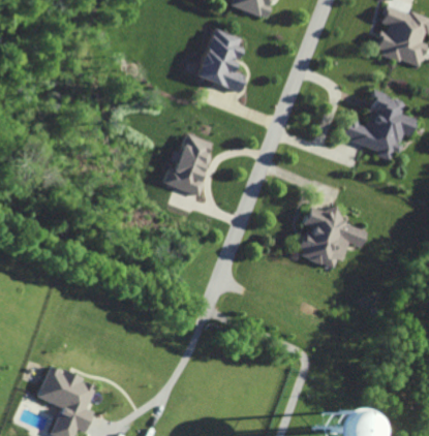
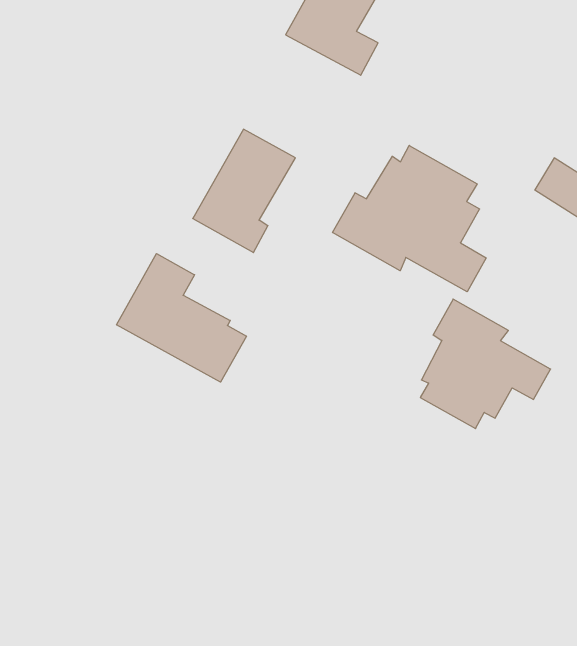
building: none -> [333,145,486,292]
building: none -> [117,254,246,382]

